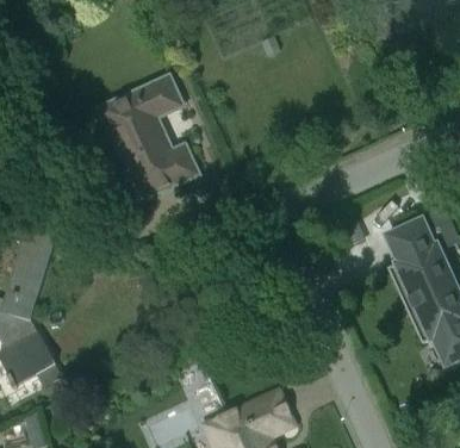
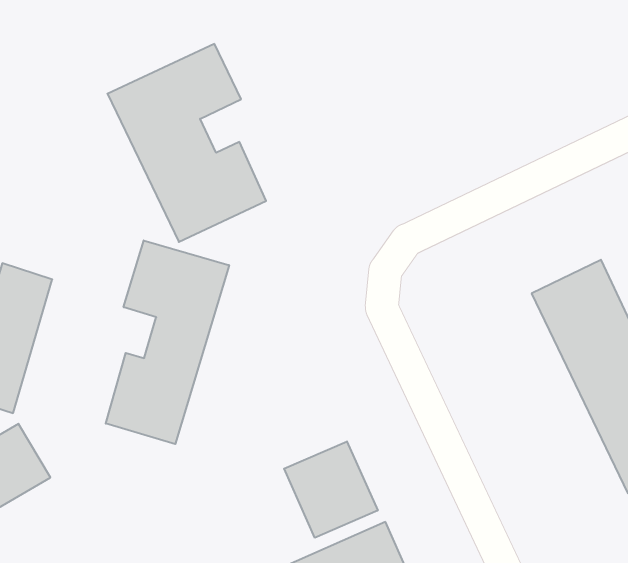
building: none -> [106,240,229,444]
building: none -> [284,441,378,538]

